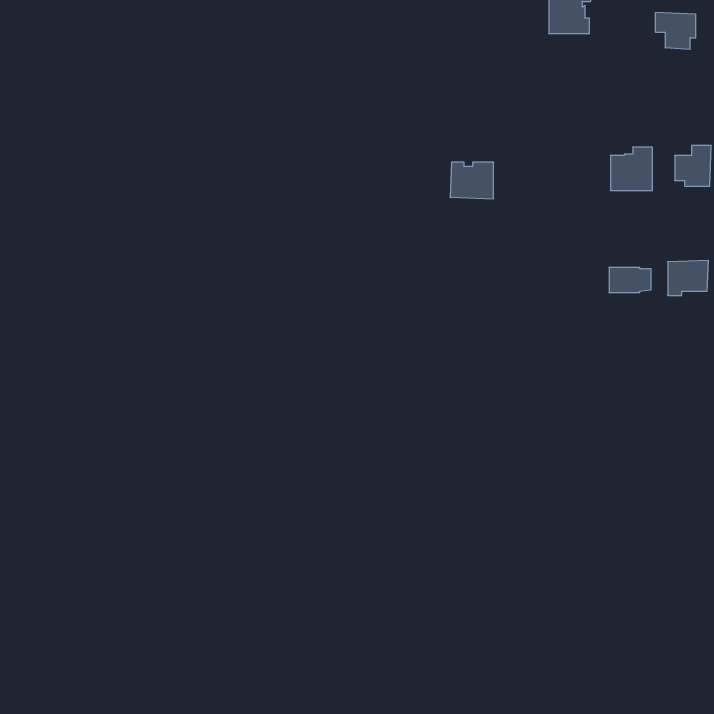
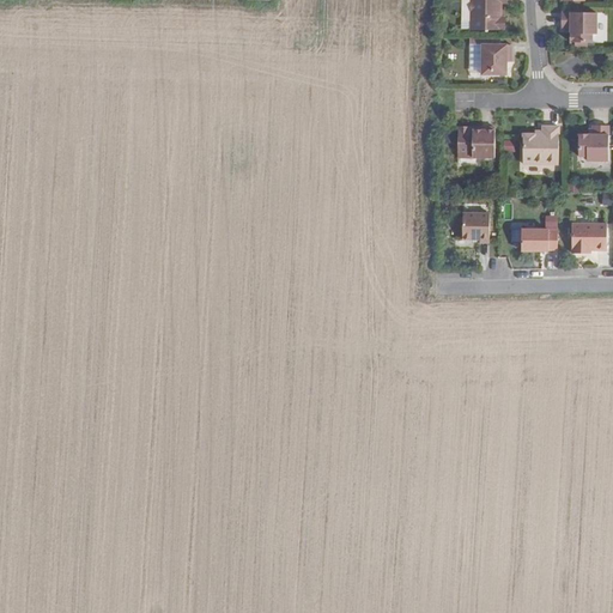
building: none -> [480,43,510,73]
building: [450,162,494,199] -> [456,126,493,157]
building: none -> [461,211,488,243]

